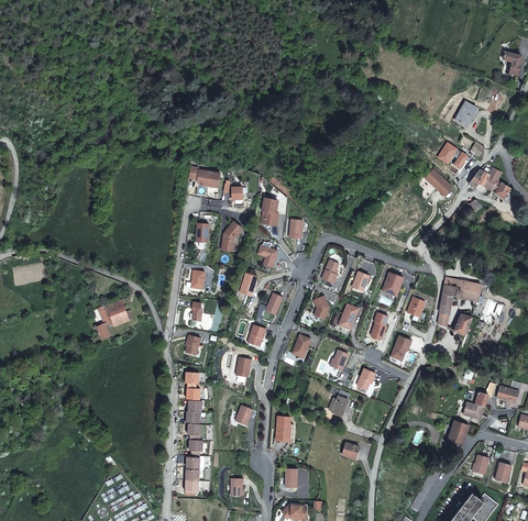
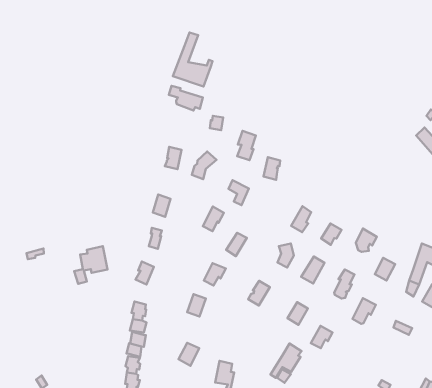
building: none -> [173,32,213,87]
building: [98,299,129,337] -> [74,246,107,284]

